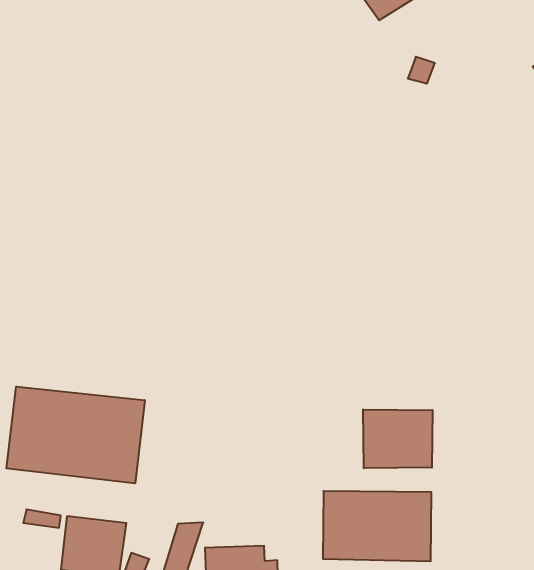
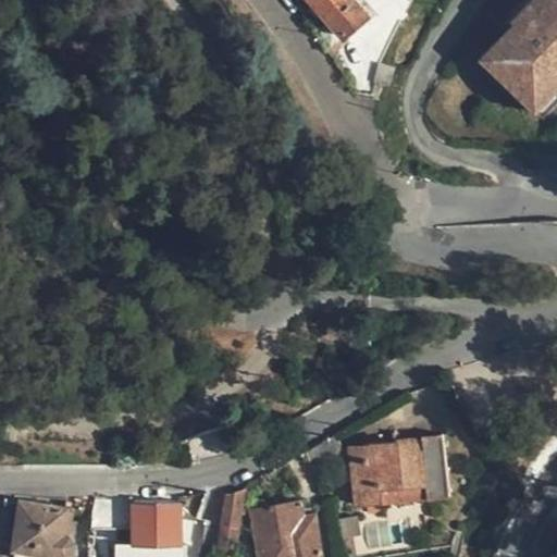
building: [6,387,145,483] -> none
building: [363,409,433,468] -> none

